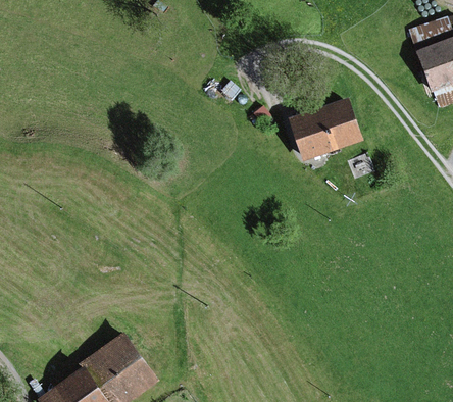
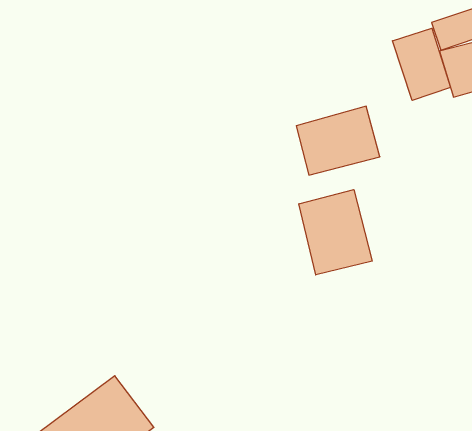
building: none -> [392,28,450,100]
building: none -> [299,190,372,275]

